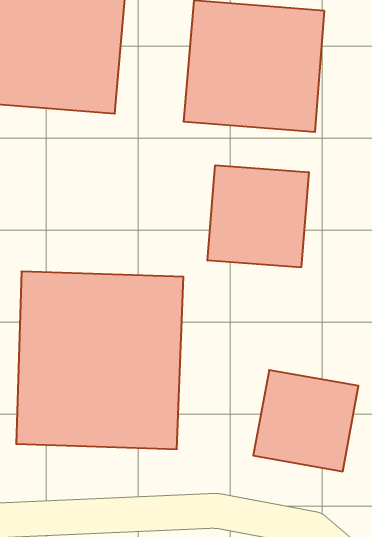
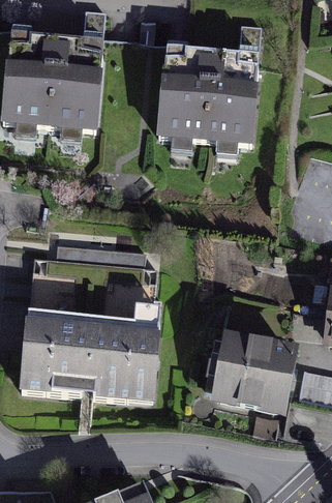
building: [208,165,309,267] -> none

